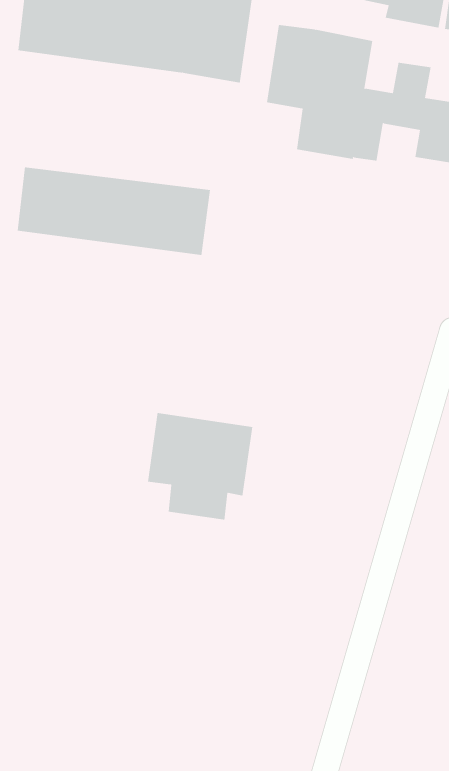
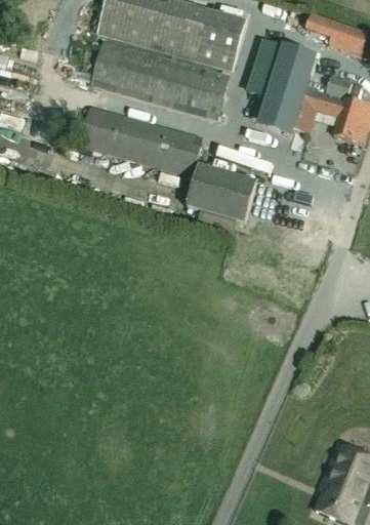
building: none -> [90,39,230,120]
building: [147,412,253,520] -> [186,164,256,237]

